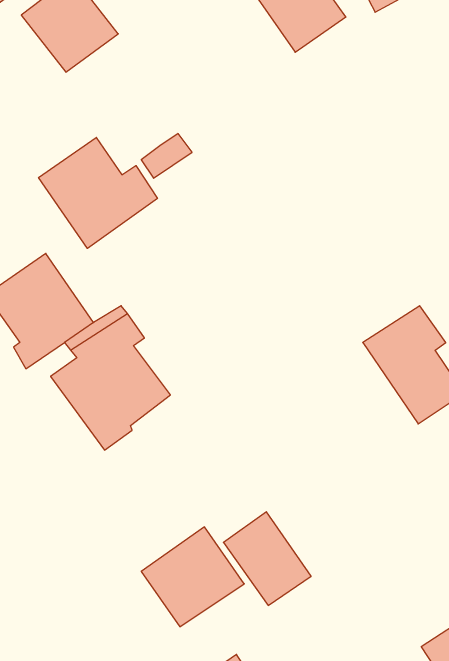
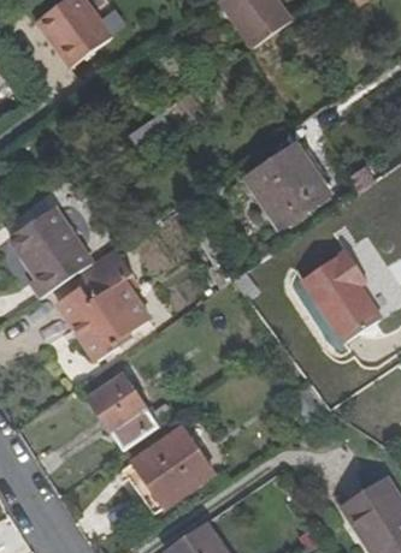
building: [39,137,157,248] -> none
building: none -> [243,143,326,225]
building: [223,512,311,605] -> [89,374,158,447]

